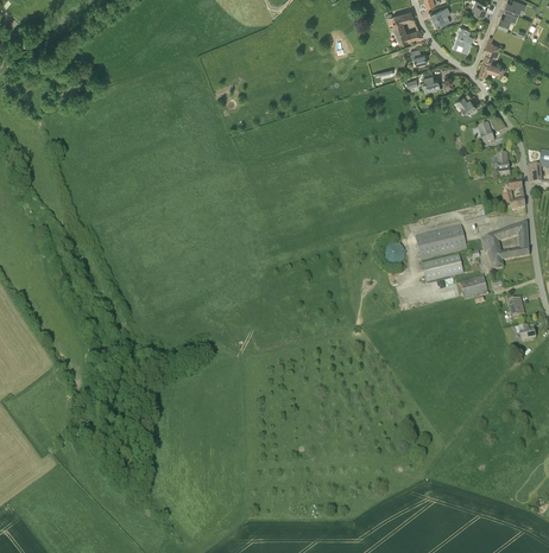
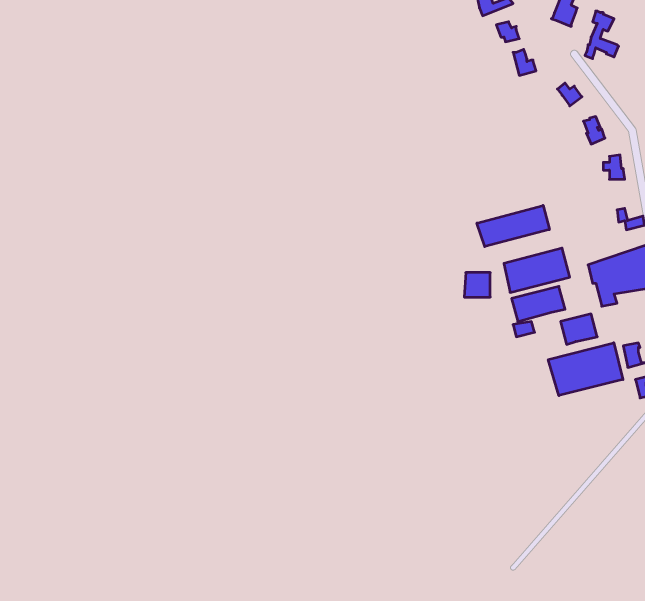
building: none -> [477,205,549,247]
building: none -> [548,343,623,396]

